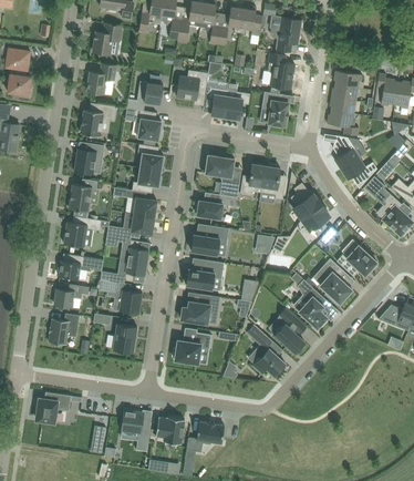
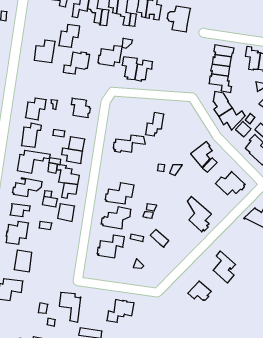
building: [92,23,121,54] -> [59,25,80,47]
building: [268,53,293,89] -> none
building: [261,92,288,127] -> none
building: [80,104,115,136] -> none
building: [133,110,161,141] -> none
building: [204,155,241,197] -> none
building: [260,164,284,199] -> none
building: [132,167,161,193] -> none
building: [290,182,323,221] -> none
building: [189,226,228,255] -> none
building: [319,258,351,304] -> none
building: [275,308,306,352] -> [213,251,236,283]
building: [112,324,136,354] -> [14,250,32,272]
building: [252,349,284,376] -> [188,281,211,300]
building: [155,418,184,444] -> none

